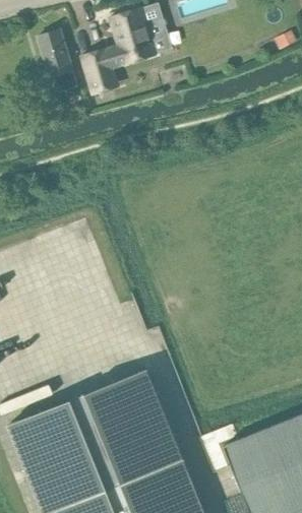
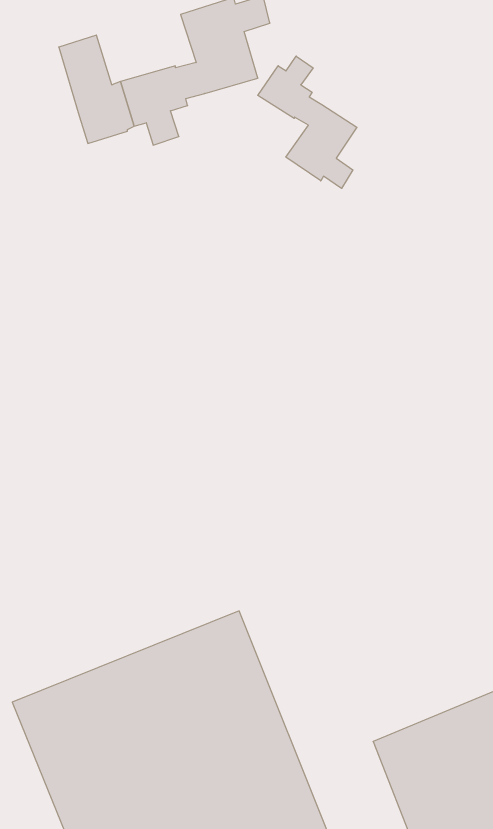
building: none -> [258,56,357,188]

